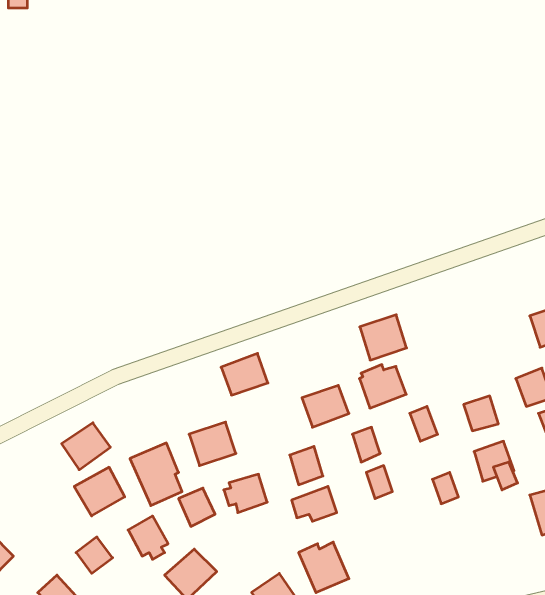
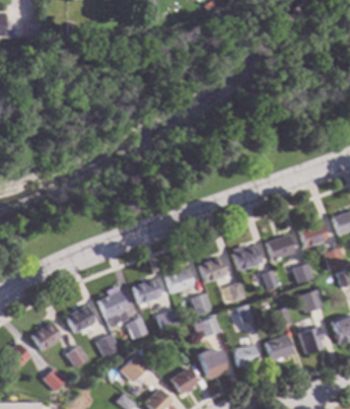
building: [360,315,407,360] -> [267,233,294,260]
building: none -> [300,221,328,247]
building: [221,353,268,395] -> [166,268,194,292]
building: [62,423,110,470] -> [33,322,62,349]
building: none -> [299,325,327,352]
building: none -> [266,334,293,359]
building: none -> [234,344,258,367]

